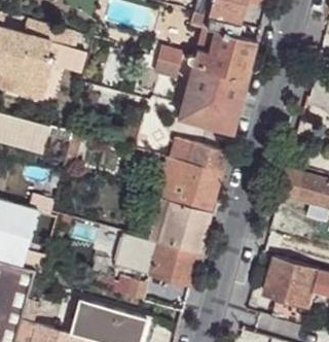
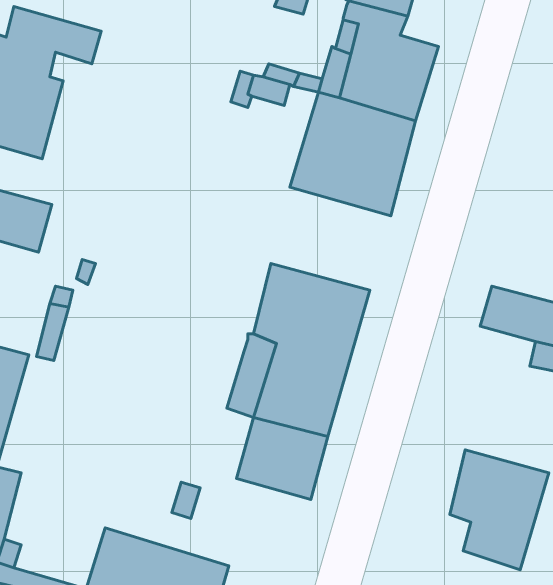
building: [168,138,227,173] -> none

